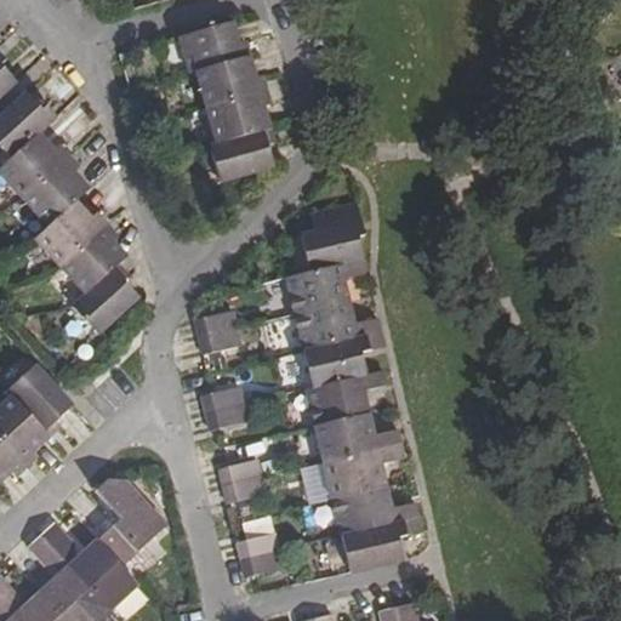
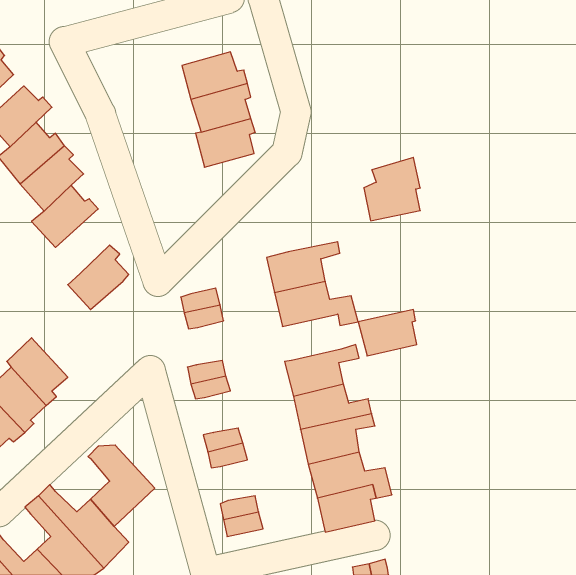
building: [178,21,247,73] -> none
building: [302,203,363,270] -> [364,157,420,221]
building: [59,224,125,294] -> none
building: [303,337,366,387] -> [358,310,417,356]

